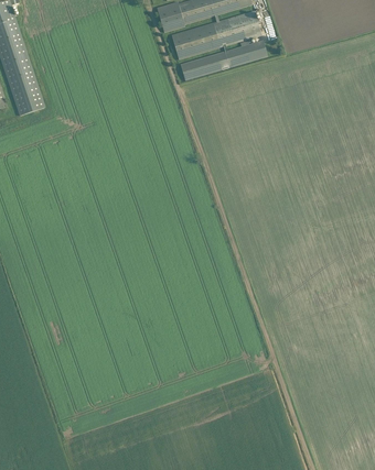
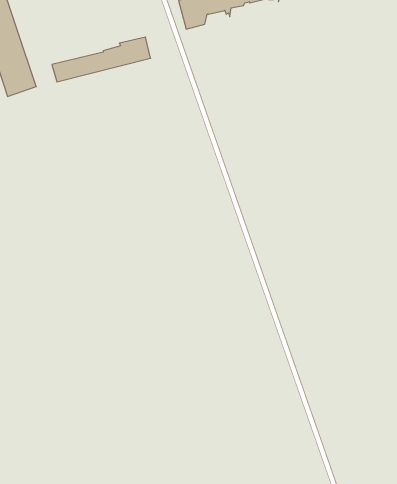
building: [179,39,266,78] -> [52,37,151,82]

